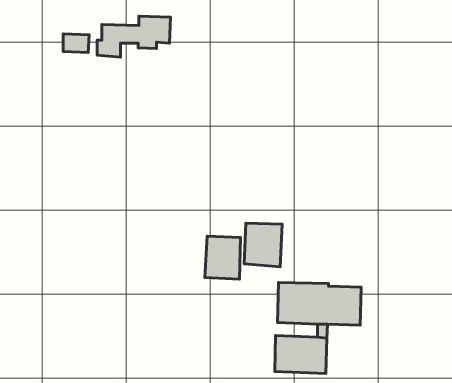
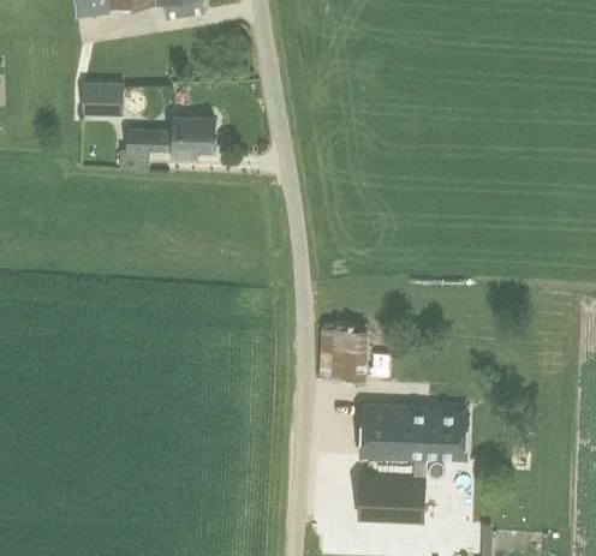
building: [97,16,171,57] -> [119,116,214,169]
building: [205,236,240,279] -> none

